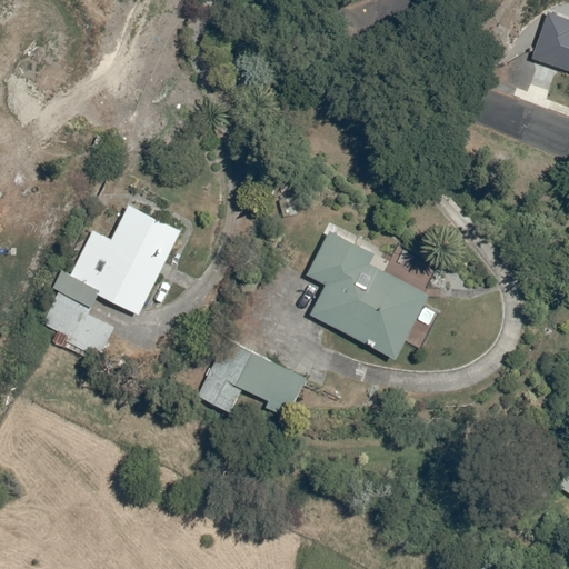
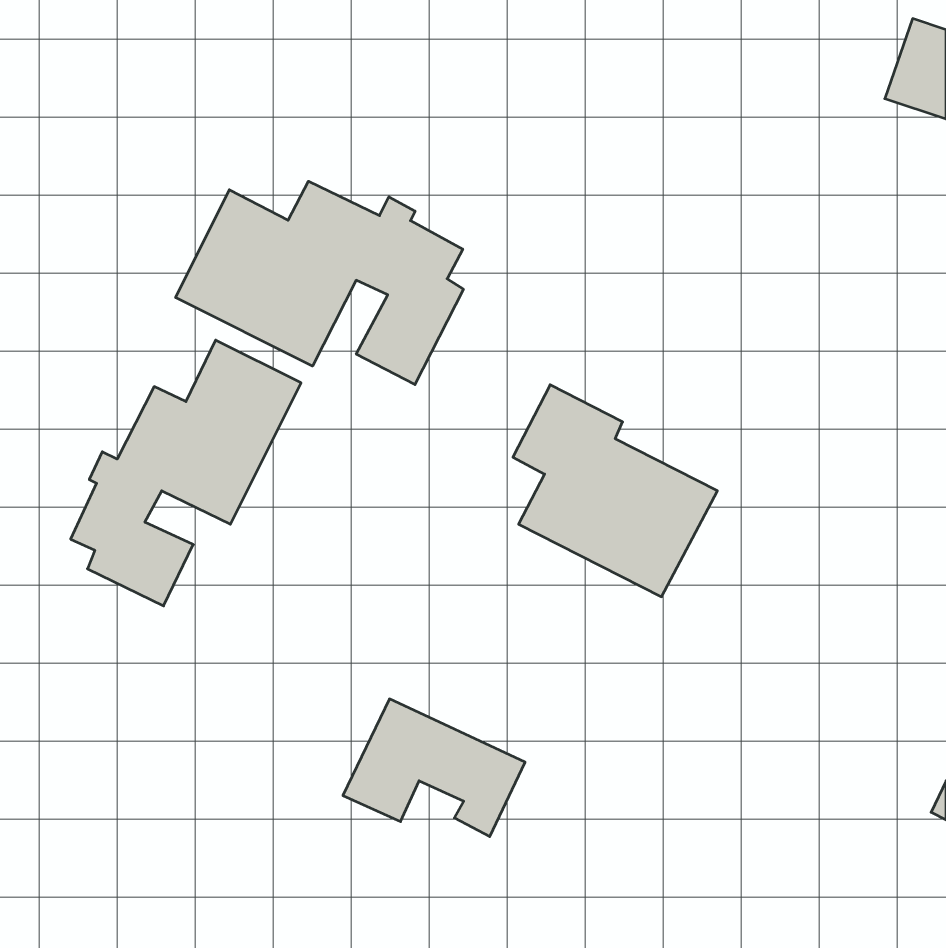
building: none -> [176,181,463,385]
building: [197,339,306,421] -> [343,699,525,837]

